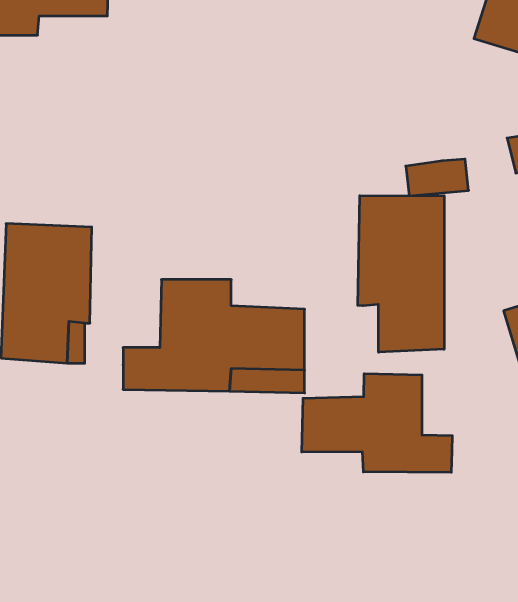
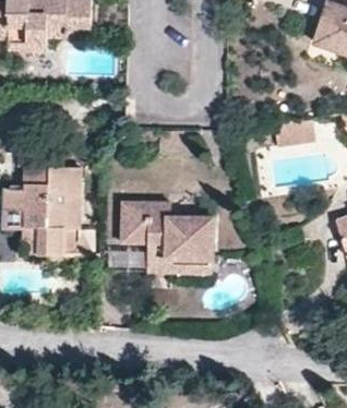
building: [358,196,444,352] -> none
building: [302,374,452,472] -> none

